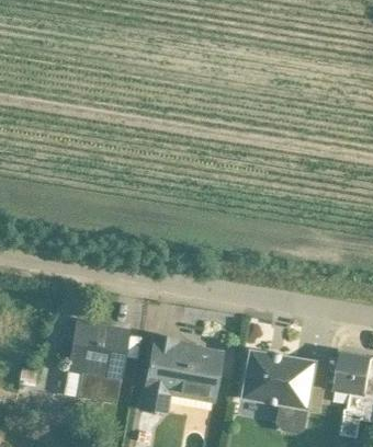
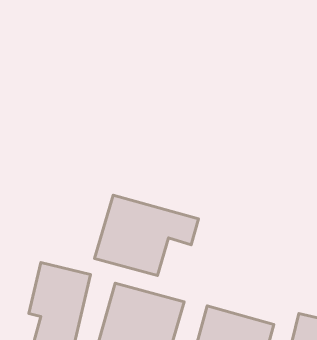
building: none -> [95,195,199,276]

